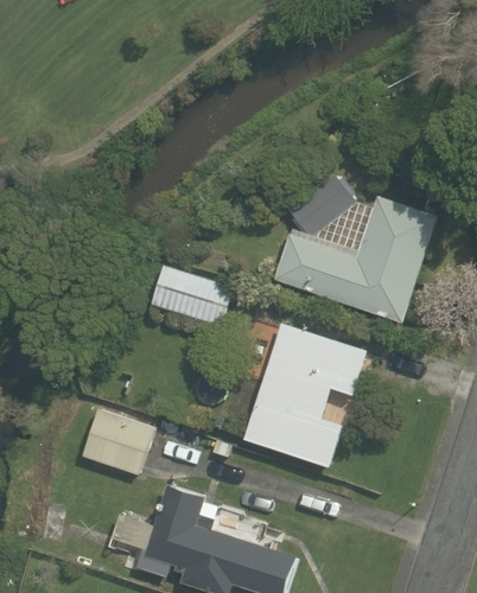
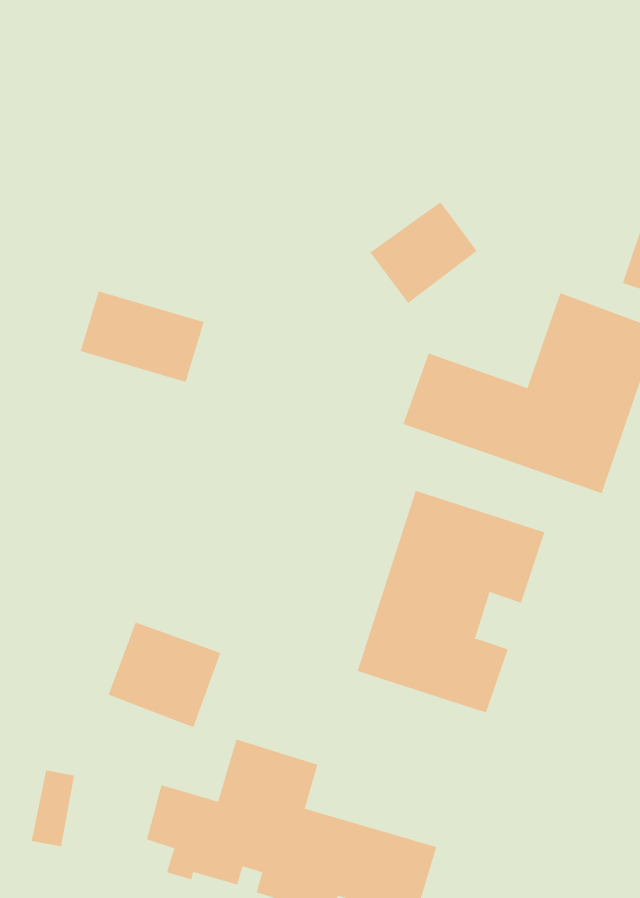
building: [286,172,356,238] -> [369,201,478,304]
building: [152,267,233,326] -> [80,291,204,382]

